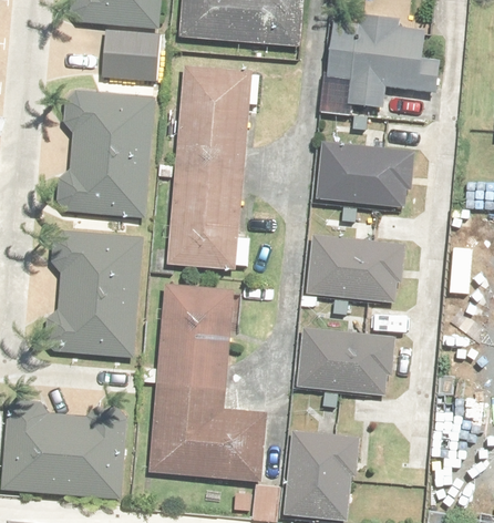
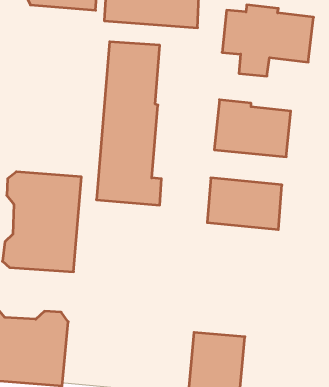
building: [102,32,163,81] -> none
building: [56,90,155,216] -> none
building: [146,286,260,482] -> none
building: [295,328,390,396] -> none

